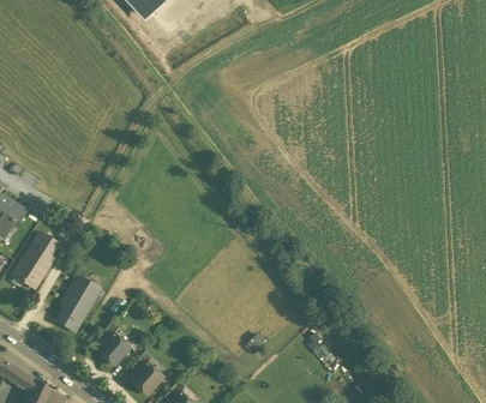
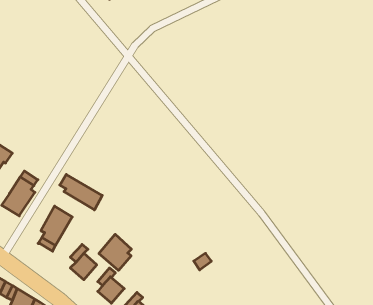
building: none -> [60,174,102,210]
building: none -> [99,234,131,270]

